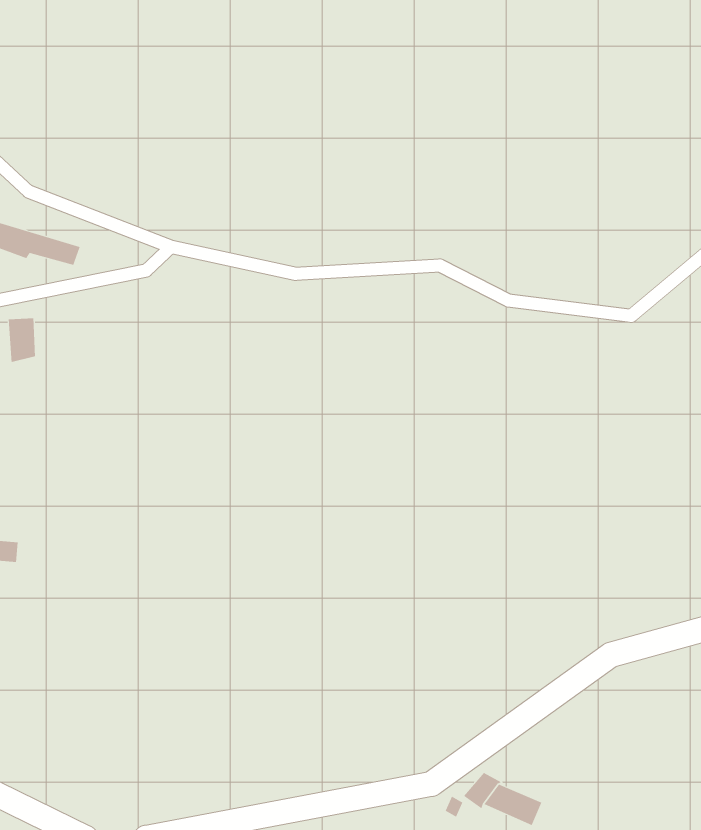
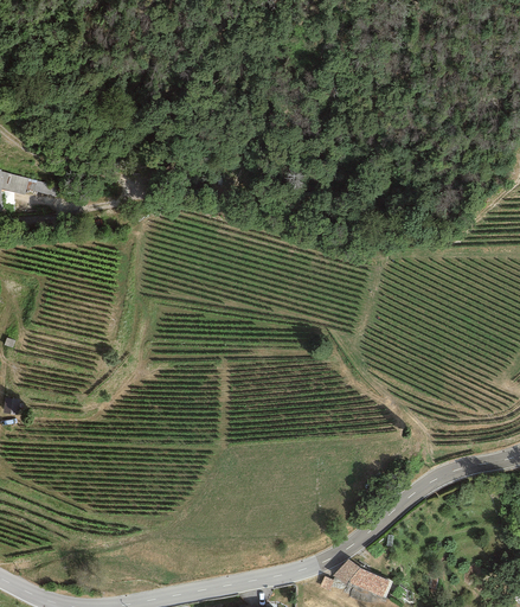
building: [8,318,35,363] -> none

